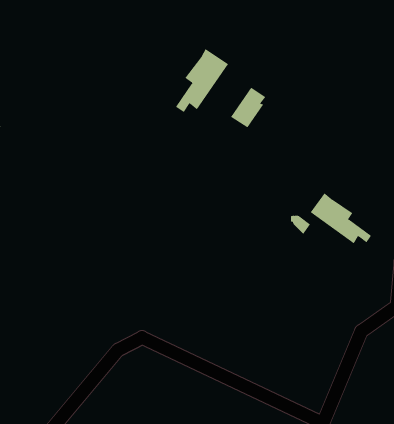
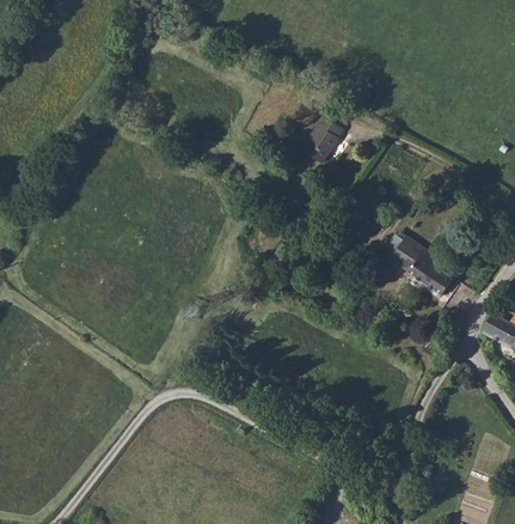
building: [175,48,229,113] -> none

